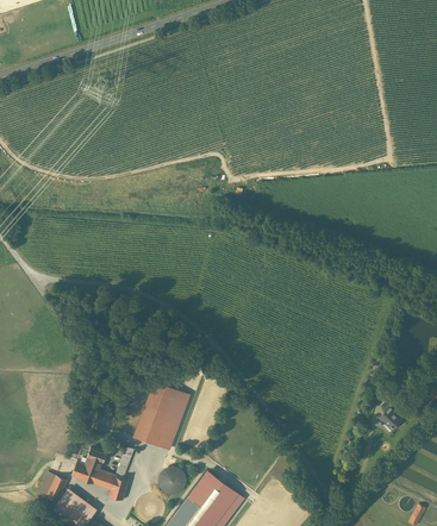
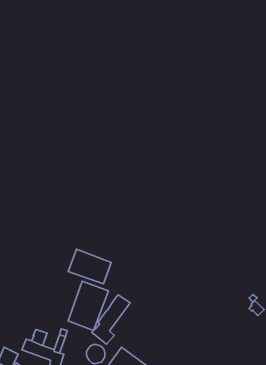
building: none -> [68,249,111,284]
building: none -> [92,295,130,344]

